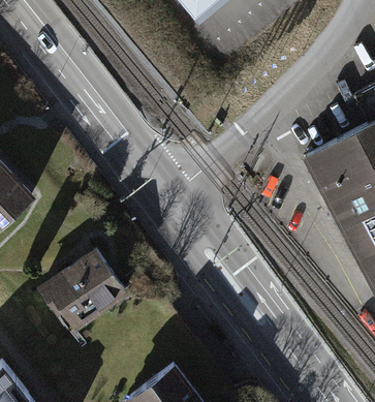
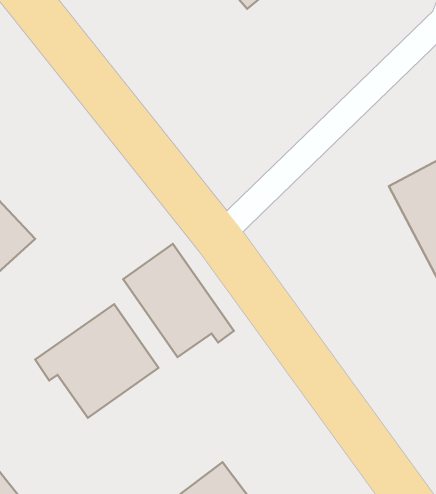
building: none -> [123,244,234,357]

